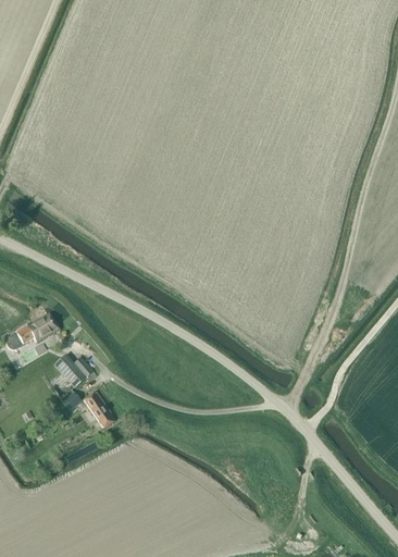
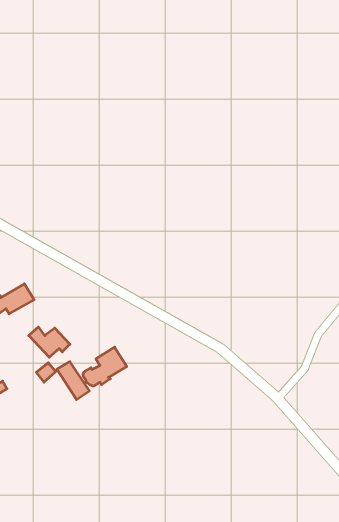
building: none -> [83,347,127,386]

